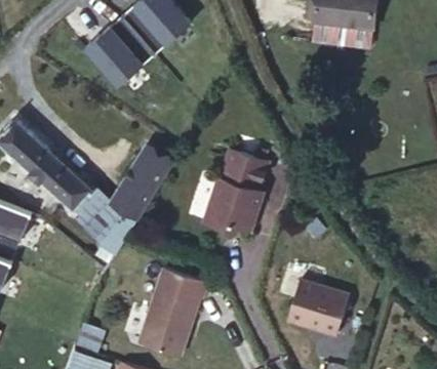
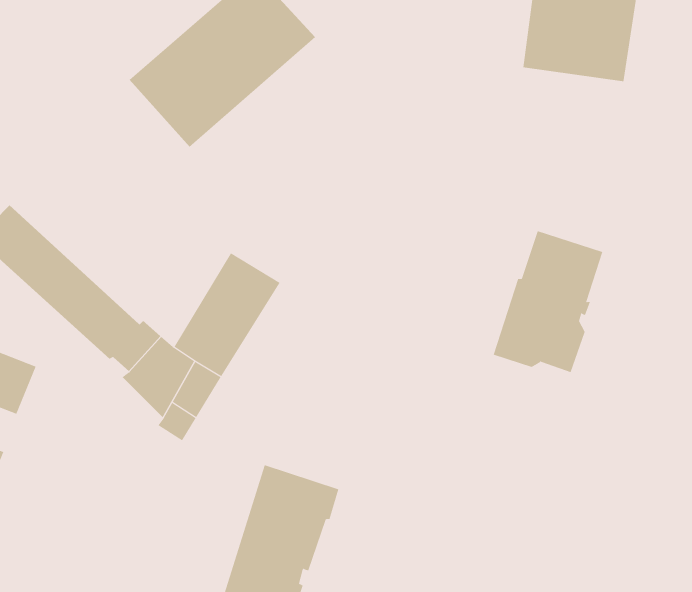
building: [204,151,268,233] -> [493,230,603,373]
building: [286,281,349,337] -> none

